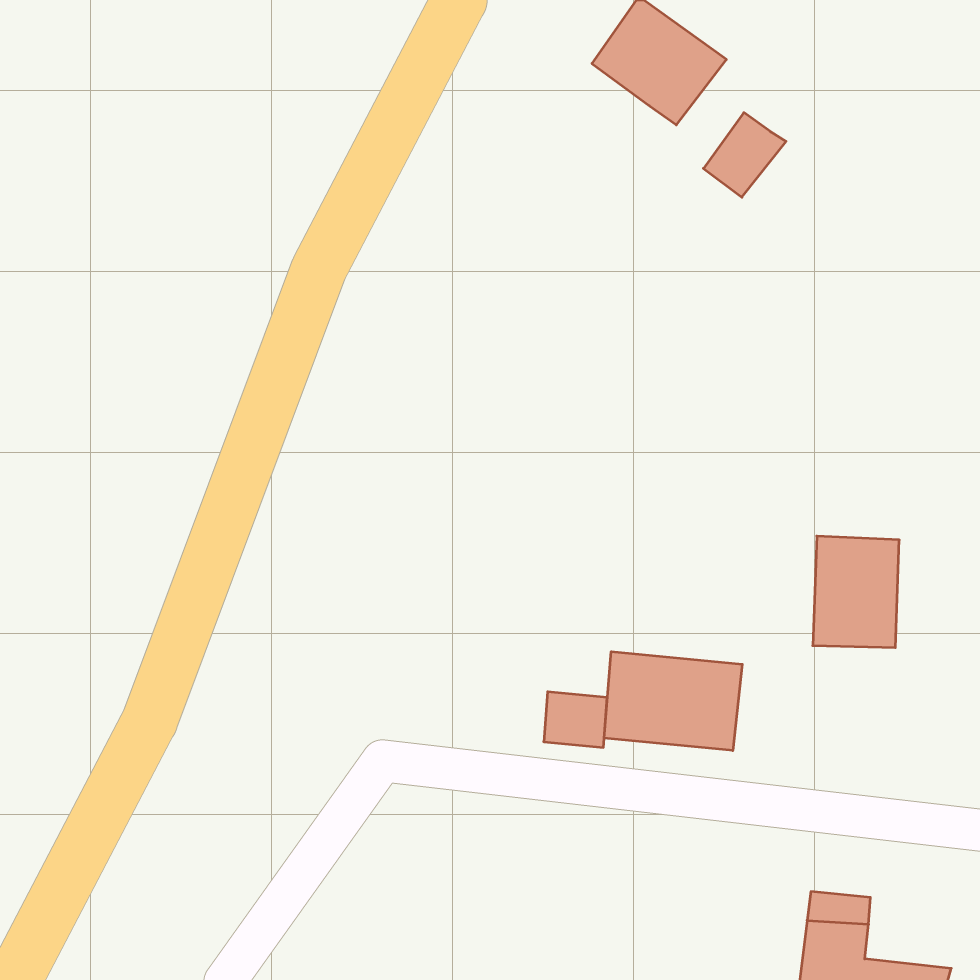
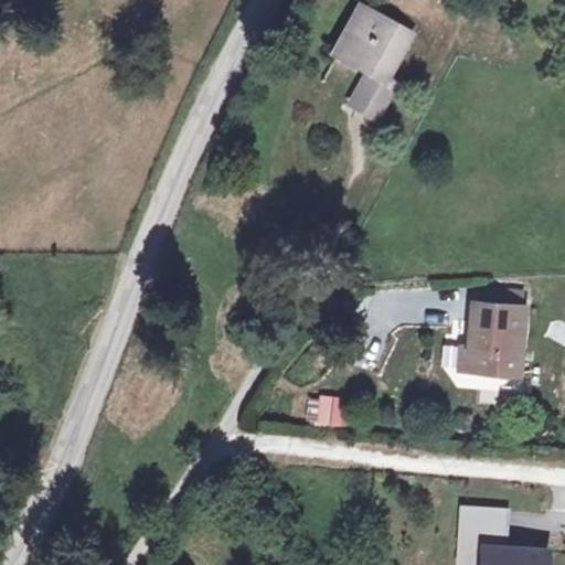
building: [703,113,786,197] -> [350,62,397,110]
building: [604,652,742,751] -> none

